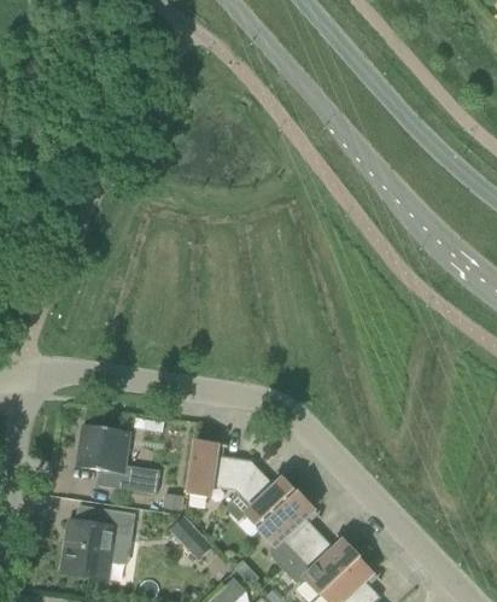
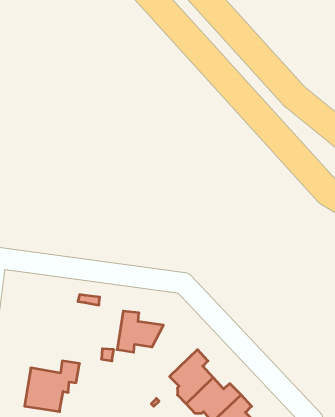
building: [76,423,159,493] -> none
building: [235,460,298,531] -> none
building: [169,515,212,560] -> none

